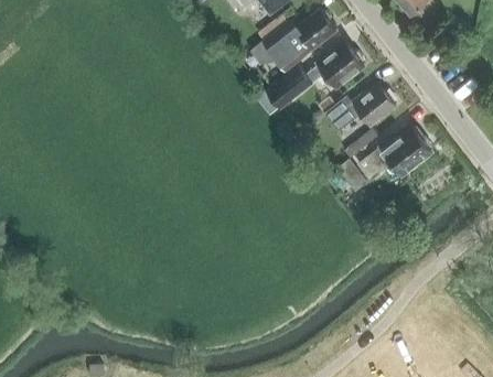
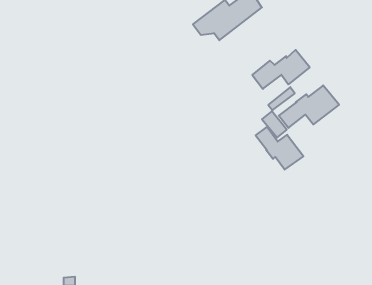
building: [266,40,364,108] -> none
building: none -> [256,127,303,170]

